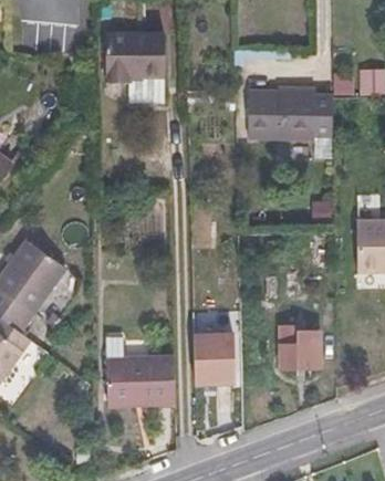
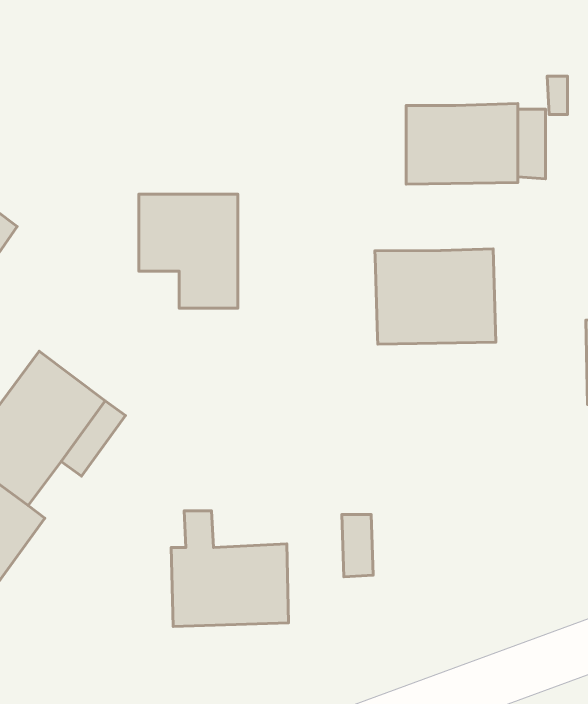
building: [105,33,165,102] -> [139,194,238,308]
building: none -> [375,249,496,344]
building: [280,327,321,367] -> none

